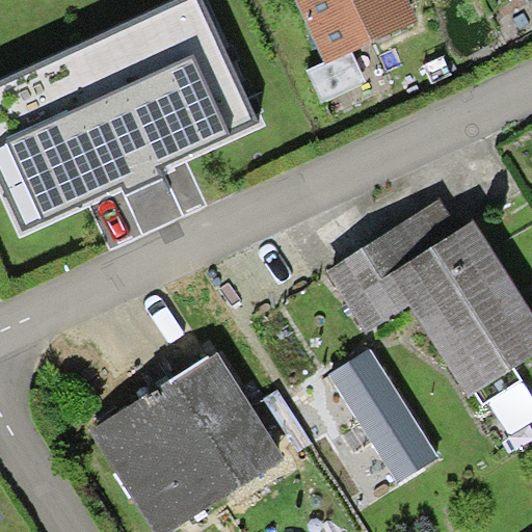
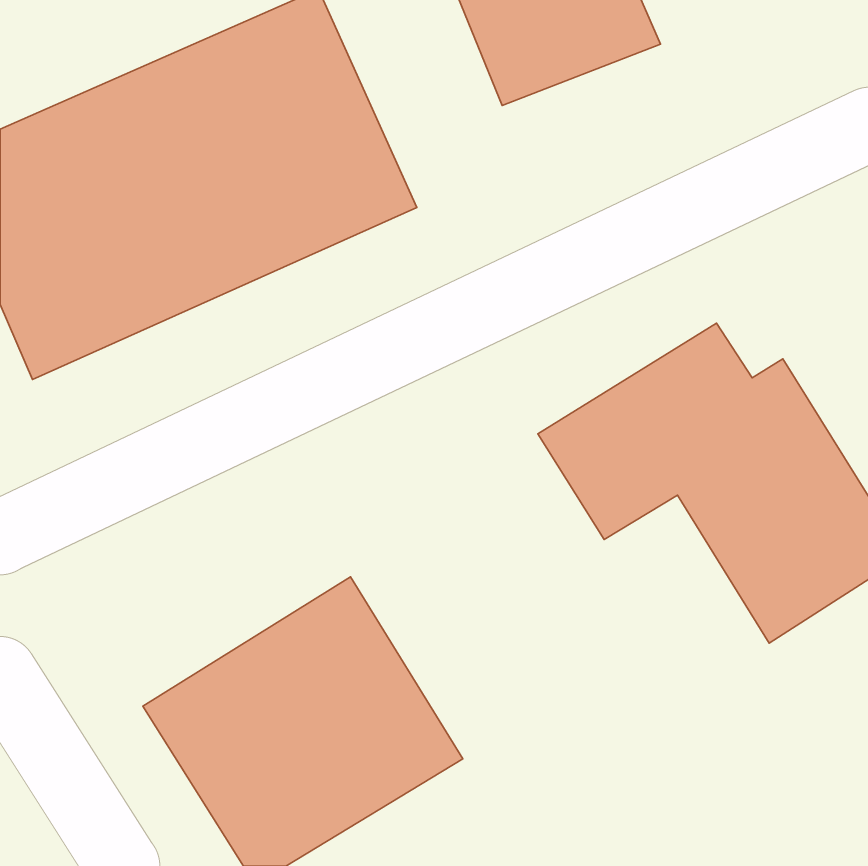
building: [328,345,443,483] -> none

